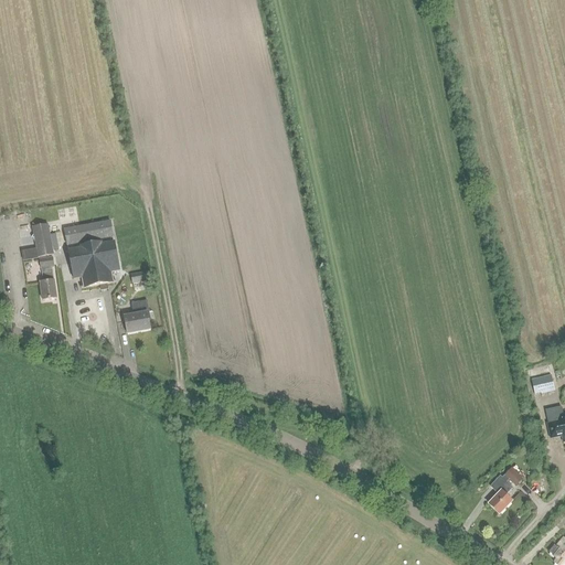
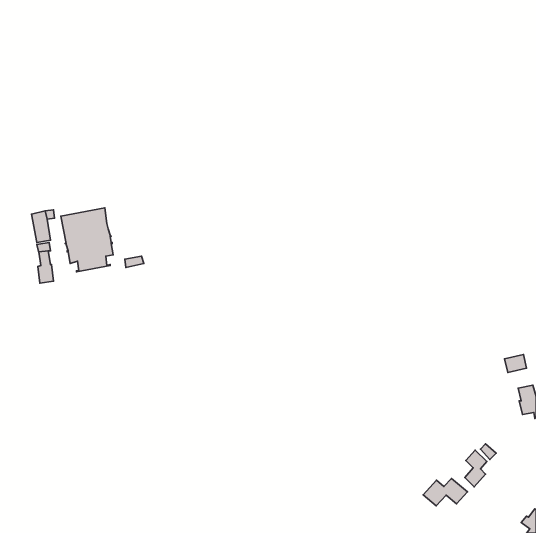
building: [124,298,150,332] -> none
building: none -> [423,478,467,506]

